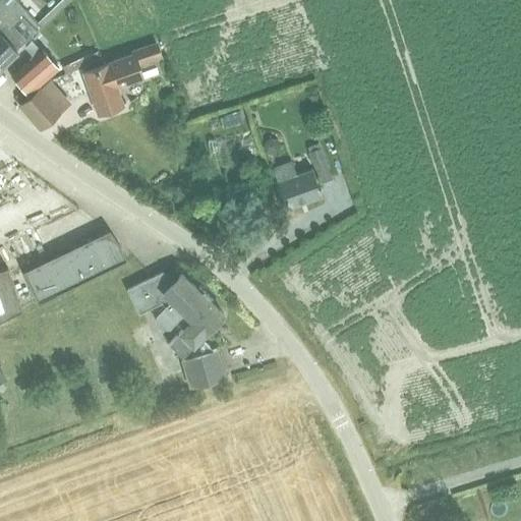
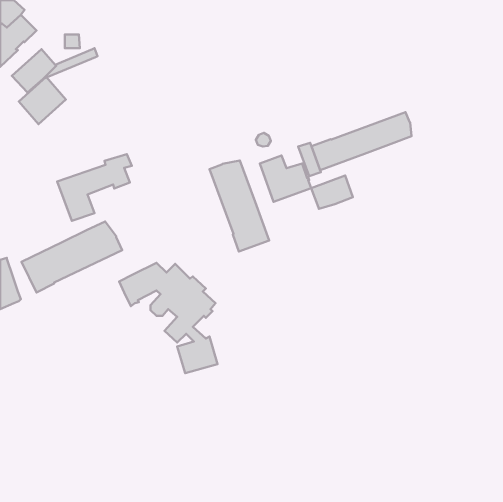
building: [83,44,161,113] -> [57,154,132,221]
building: none -> [311,112,412,170]
building: none -> [209,161,269,252]
building: none -> [311,175,353,209]

